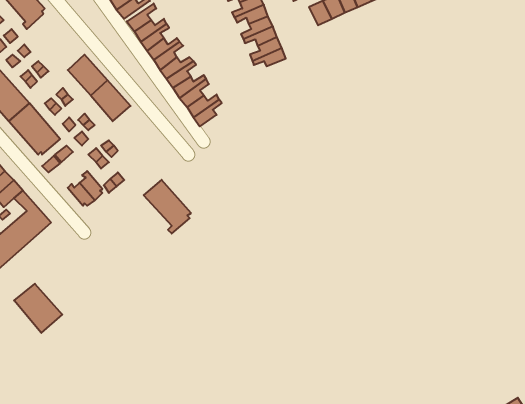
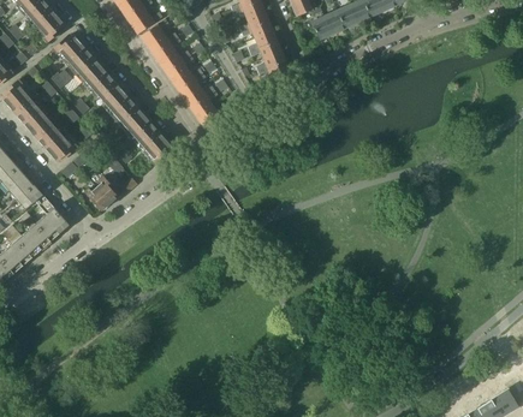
building: none -> [52,35,100,81]
building: [144,180,191,234] -> [126,114,171,165]
building: [14,284,62,333] -> none

